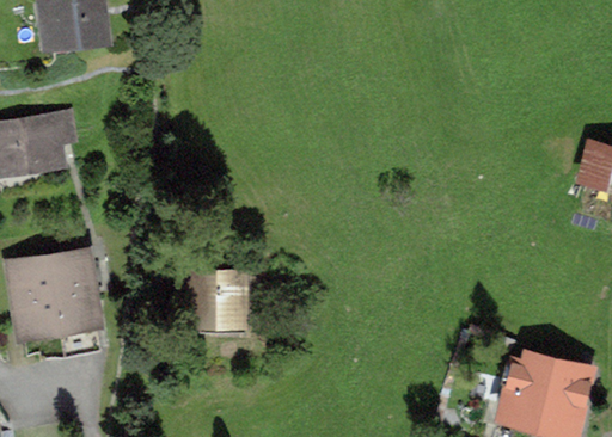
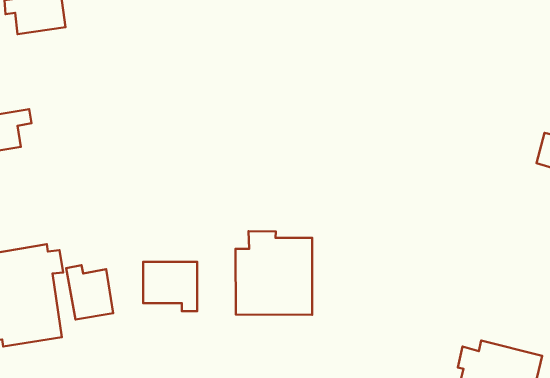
building: none -> [236,231,312,315]
building: none -> [66,265,113,319]

